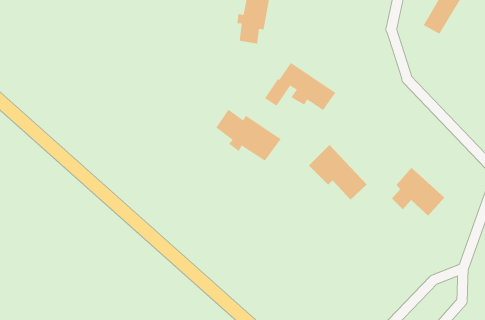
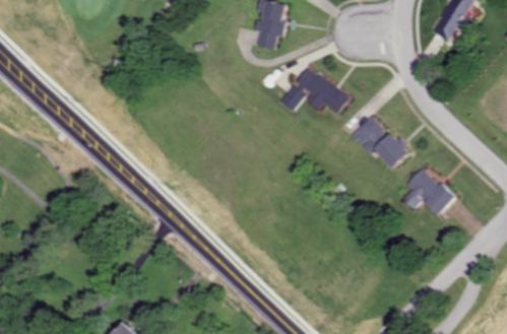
building: [215,109,281,162] -> none
building: [308,144,367,200] -> [352,115,408,169]

